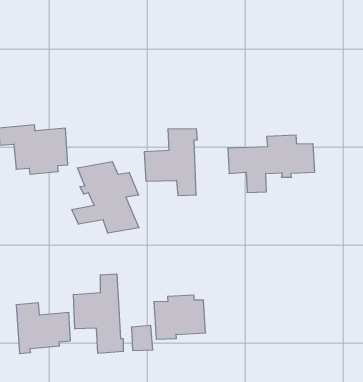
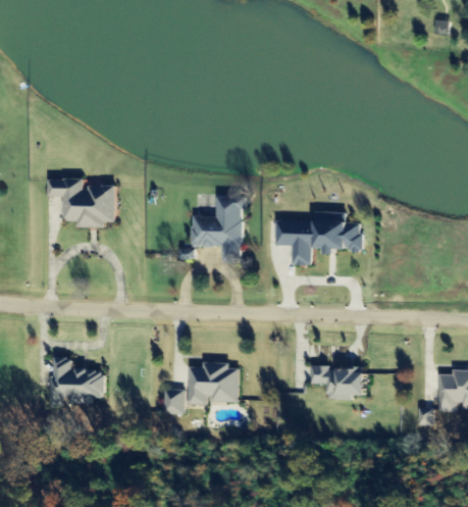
building: [72,162,139,233] -> none
building: [73,274,123,353] -> none
building: none -> [311,364,368,399]

